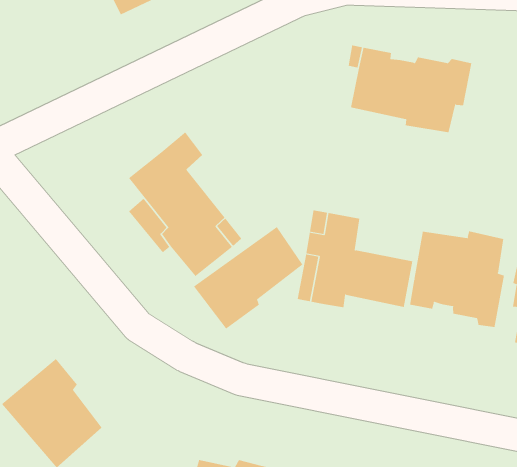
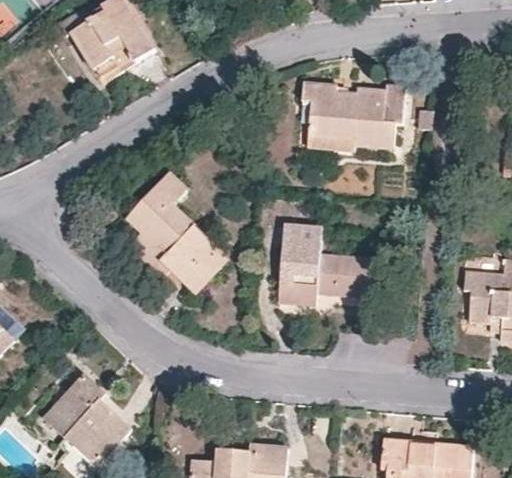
building: [193,226,303,329] -> none
building: [410,231,505,328] -> none

